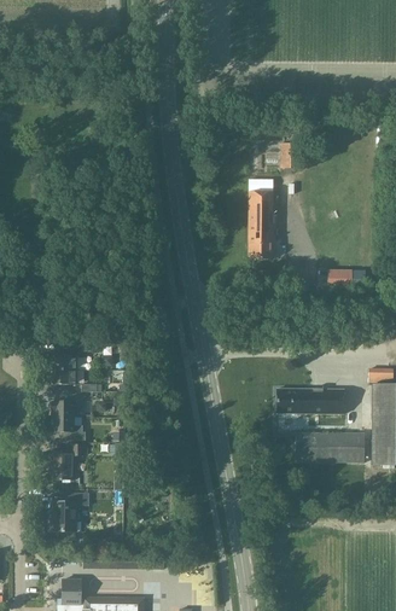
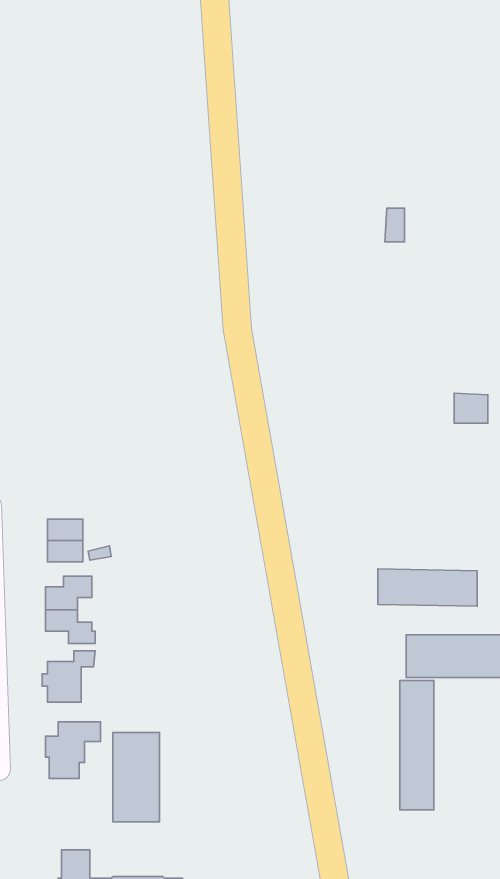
building: [249,191,273,260] -> none
building: none -> [400,681,434,810]
building: none -> [113,733,159,822]

